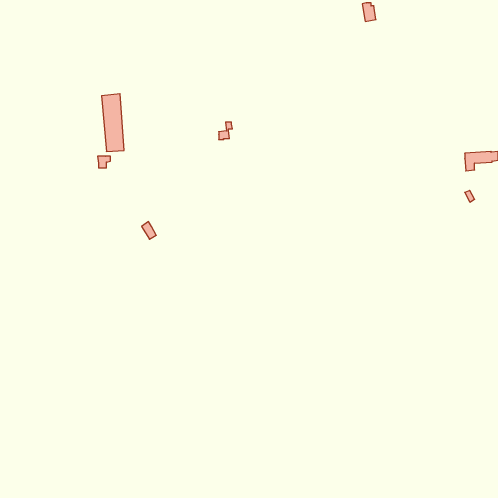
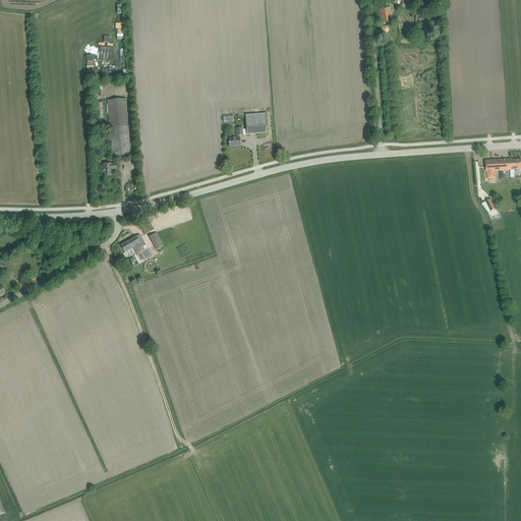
building: none -> [244,112,267,134]
building: none -> [119,233,150,263]

